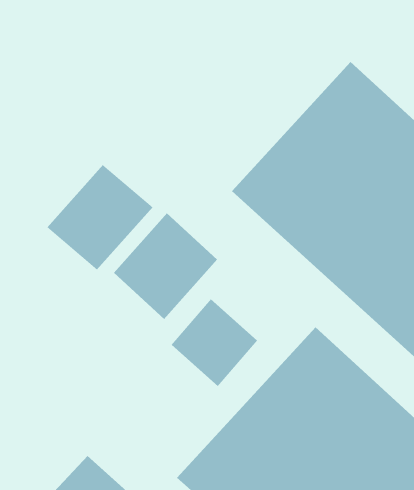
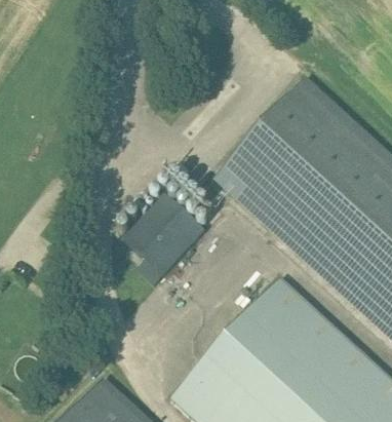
building: [47,164,153,271] -> none
building: [171,299,258,387] -> none

